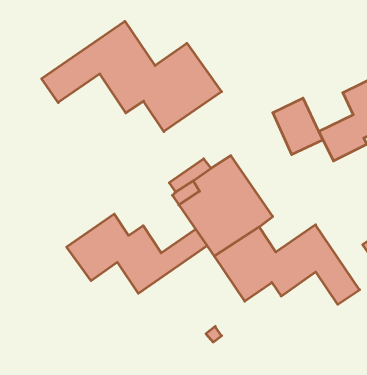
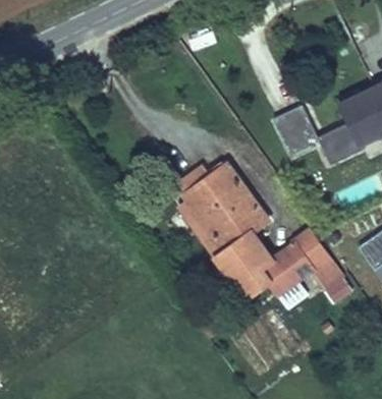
building: [42,21,222,132] -> none
building: [67,214,207,293] -> none

